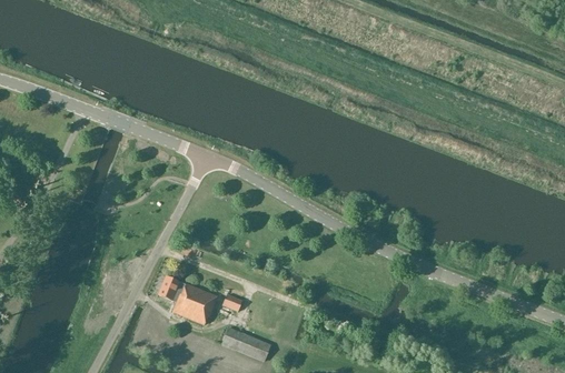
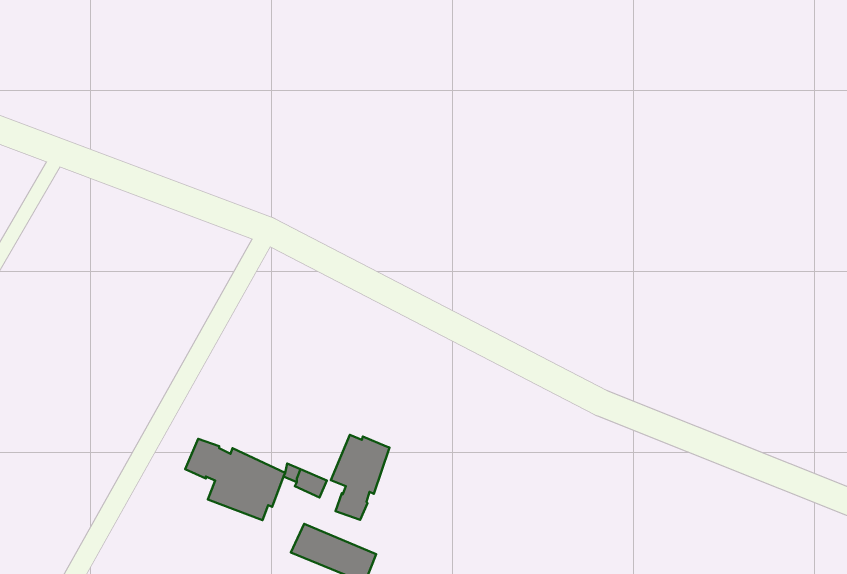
building: none -> [331,435,390,520]

